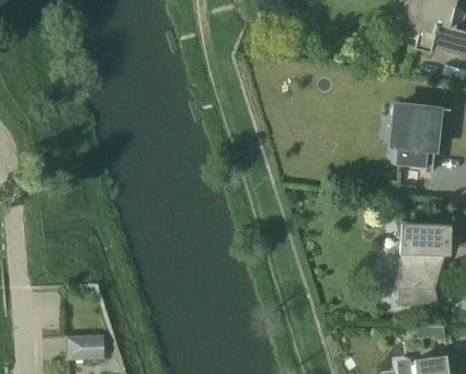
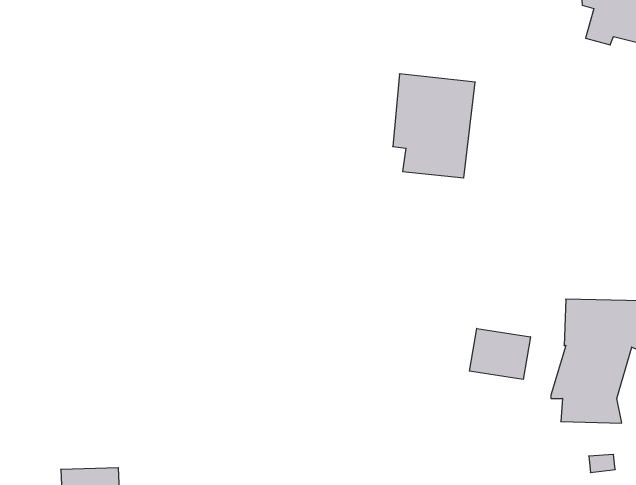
building: [383,99,437,168] -> [393,74,475,178]
building: none -> [470,328,530,379]

